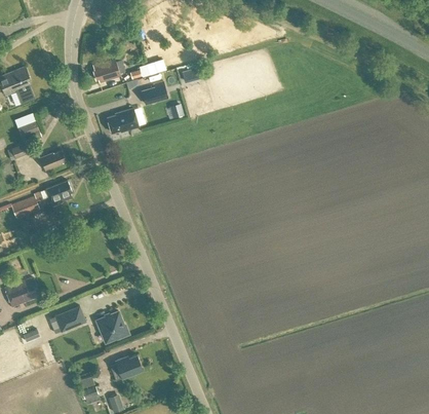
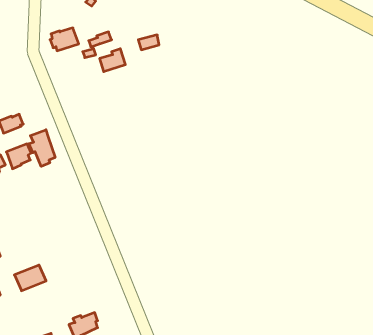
building: [106,108,136,133] -> none
building: none -> [29,130,55,166]
building: [95,310,128,341] -> none

